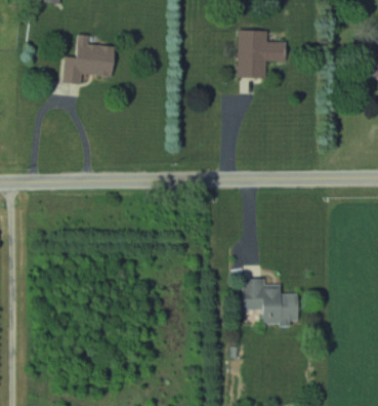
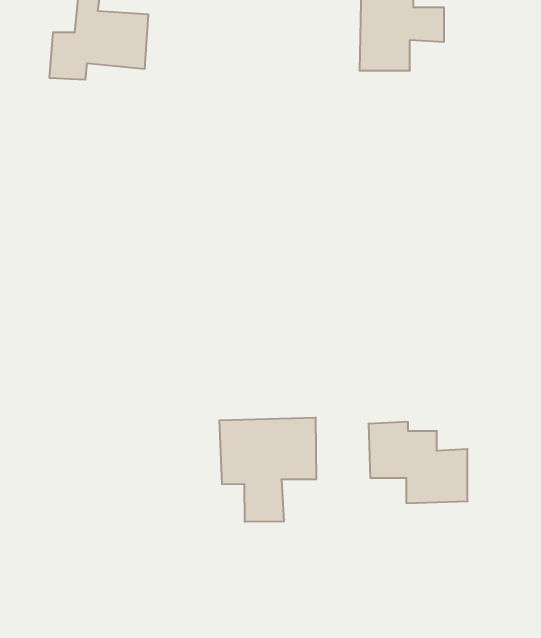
building: none -> [219,417,316,522]

